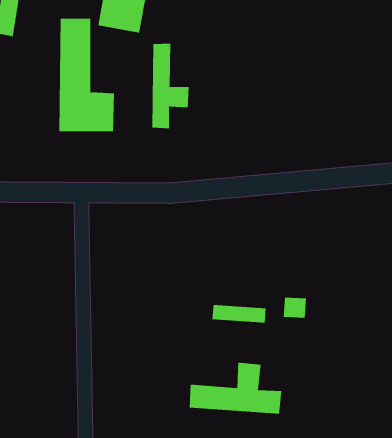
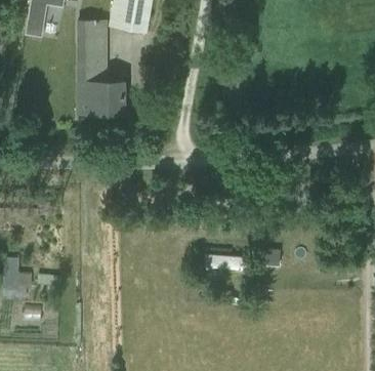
building: [152,43,189,129] -> none
building: [189,362,282,414] -> none

